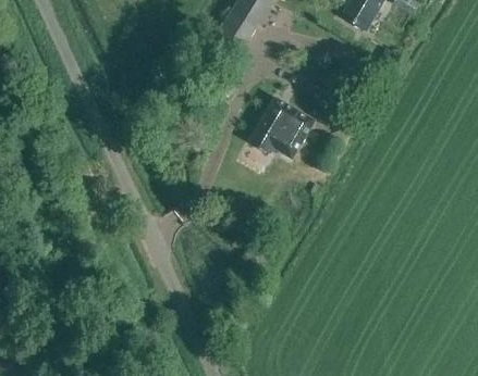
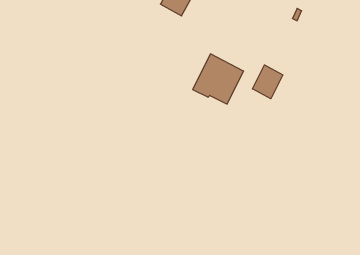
building: none -> [252,65,283,99]

